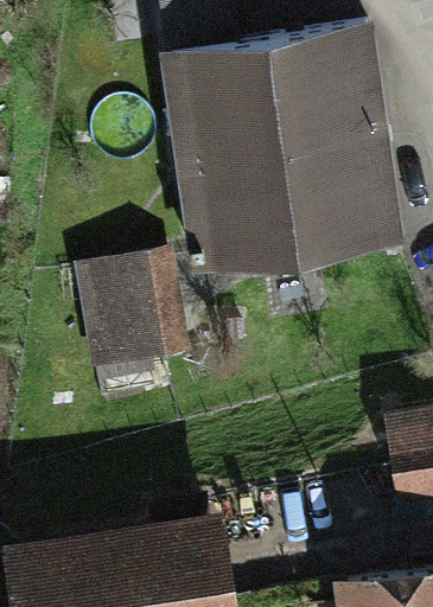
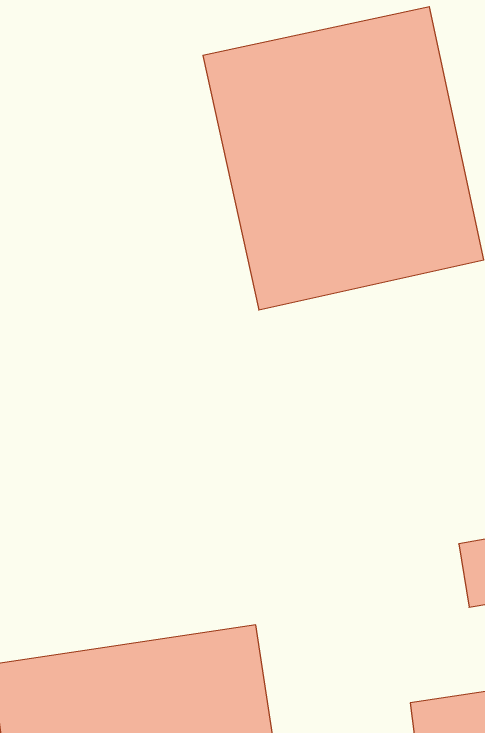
building: [72,257,185,364] -> none

